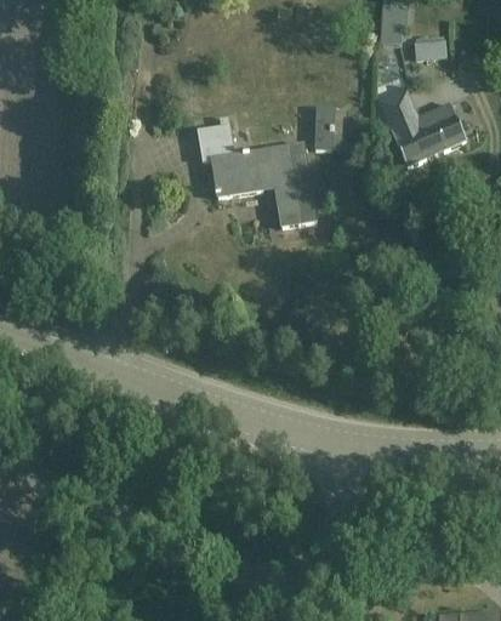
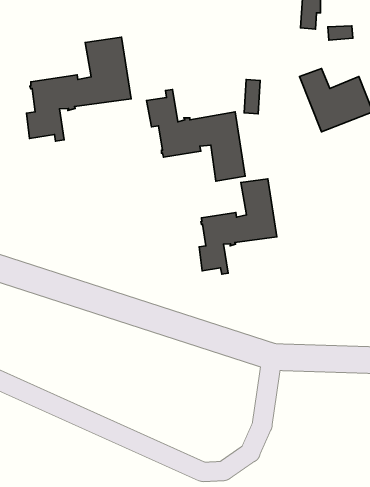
building: none -> [27,37,131,141]
building: none -> [199,179,277,274]

